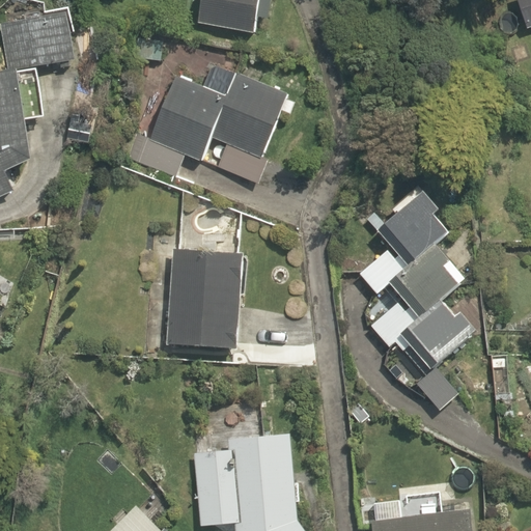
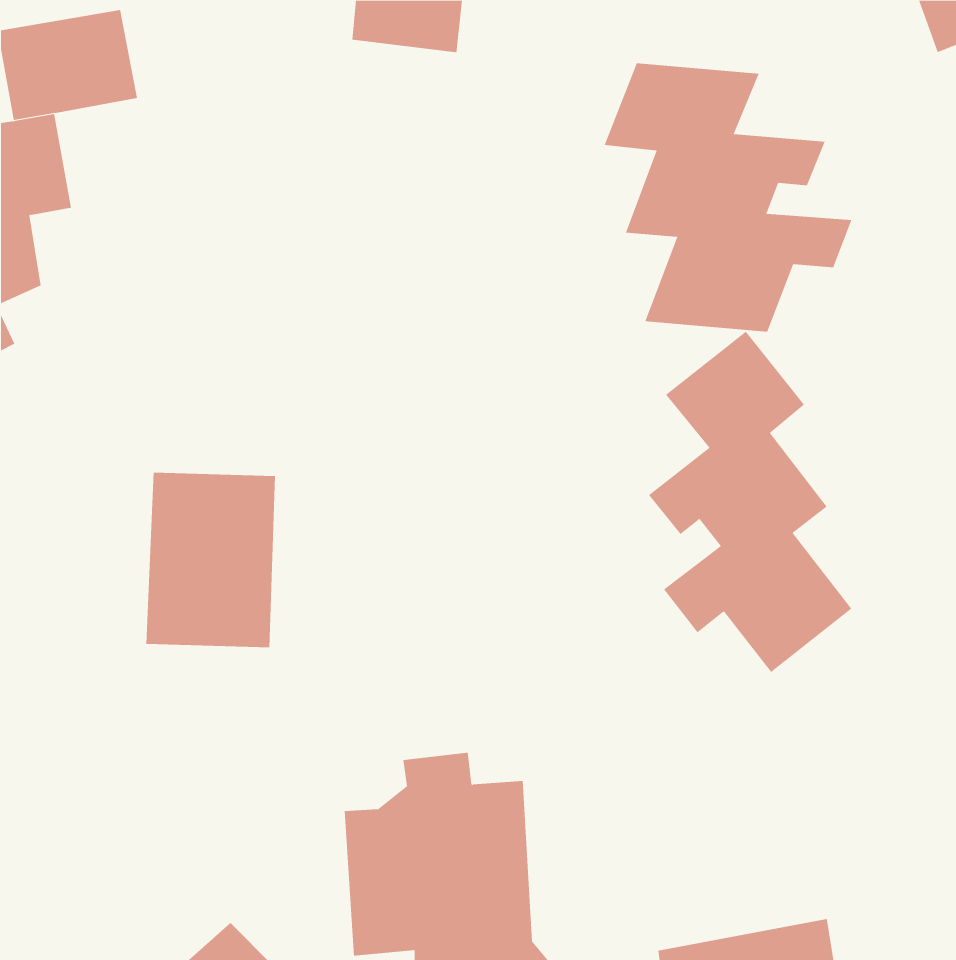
building: none -> [604,62,852,333]
building: [141,44,287,186] -> none
building: [166,250,237,346] -> [145,472,276,648]

